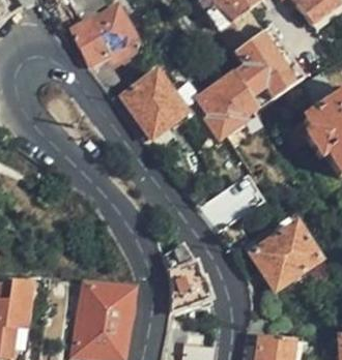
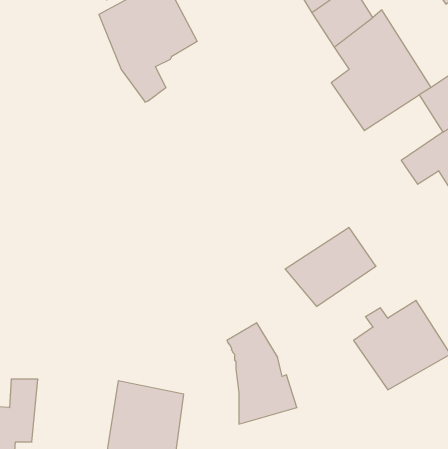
building: [121,74,181,137] -> none
building: [199,76,256,138] -> none

